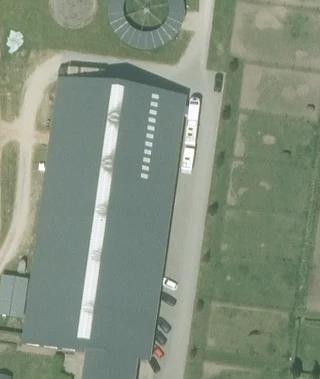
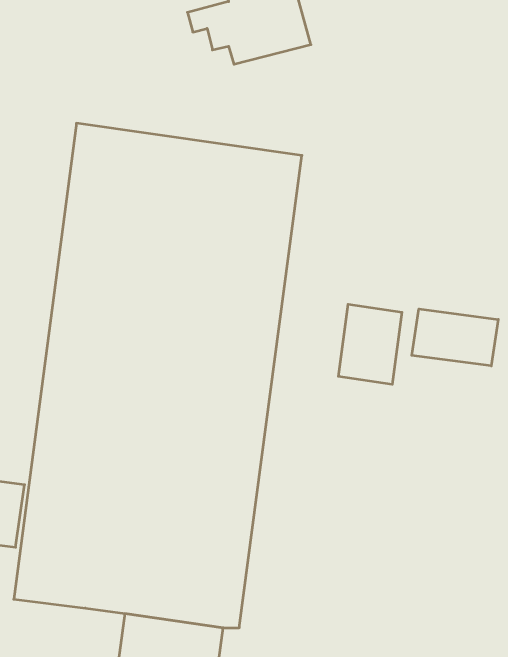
building: none -> [338,304,402,384]
building: none -> [412,309,498,366]

